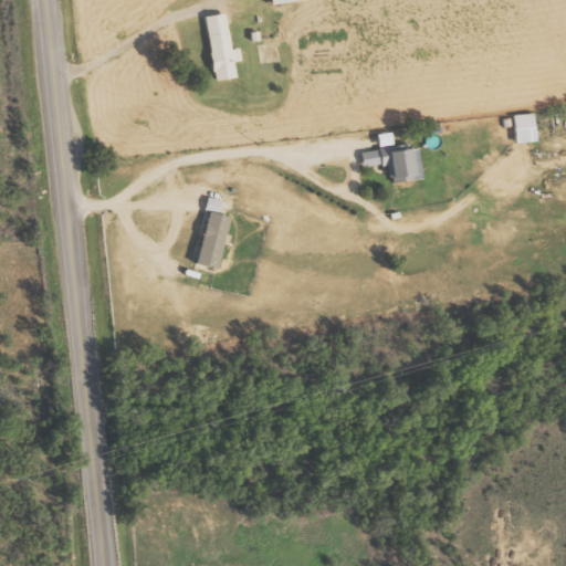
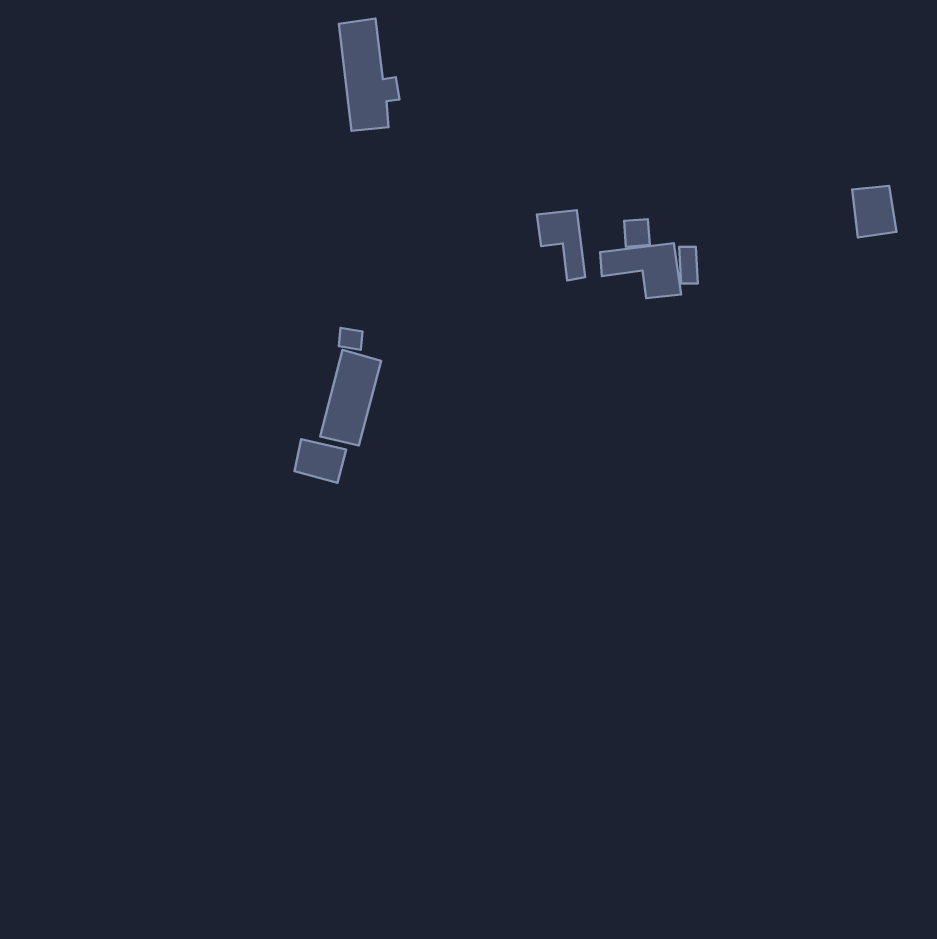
building: none -> [537,210,585,280]
building: none -> [295,439,346,483]

